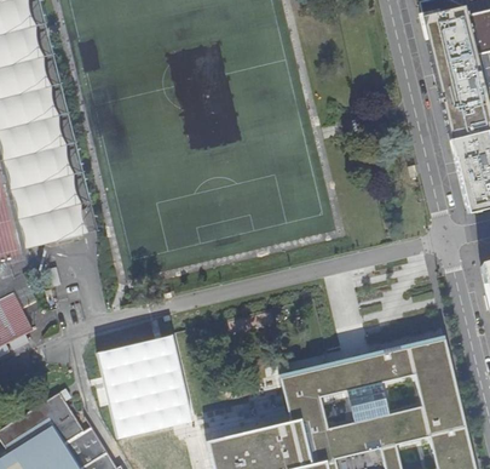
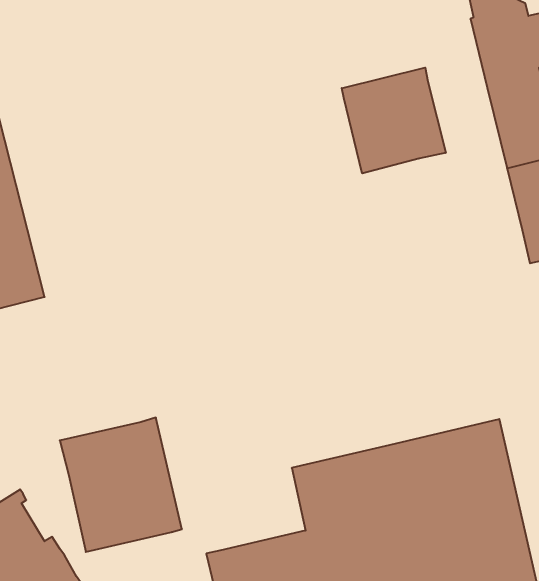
building: none -> [342,68,446,173]

